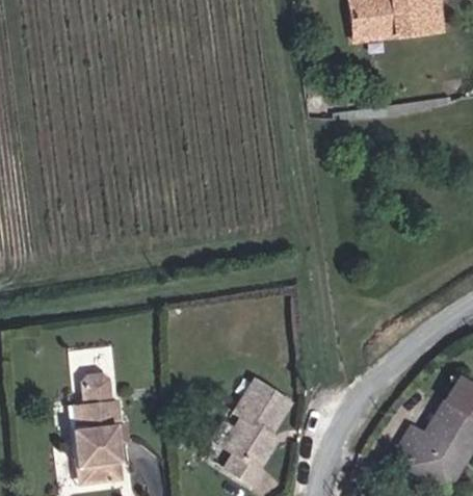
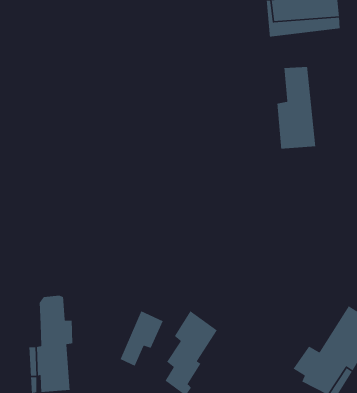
building: none -> [276,66,316,149]
building: none -> [120,310,164,367]

